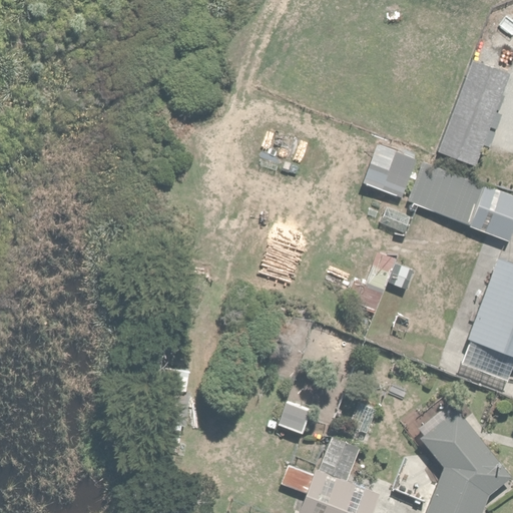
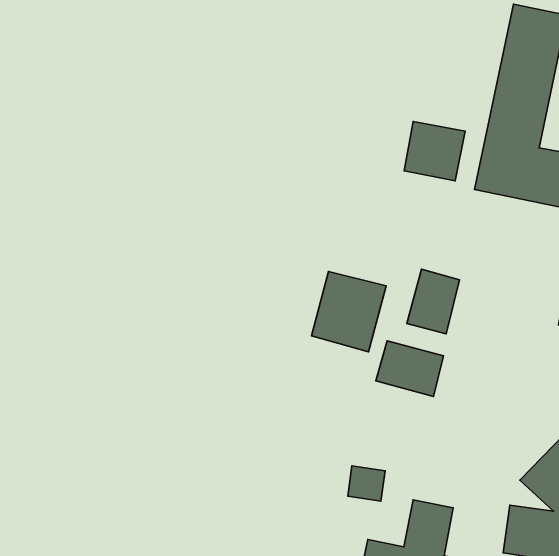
building: none -> [311,271,386,352]
building: none -> [376,341,443,396]

